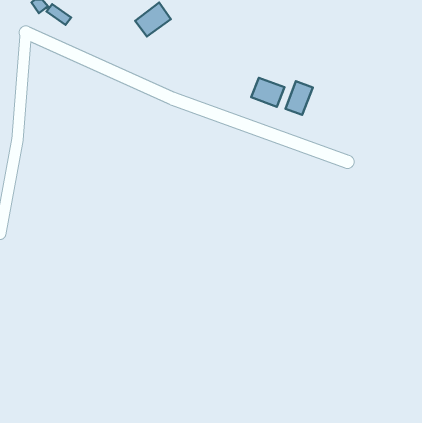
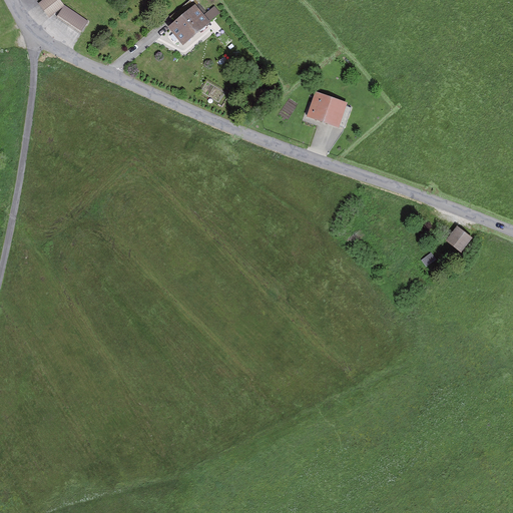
building: [286,81,313,115] -> none
building: none -> [447,222,475,250]

